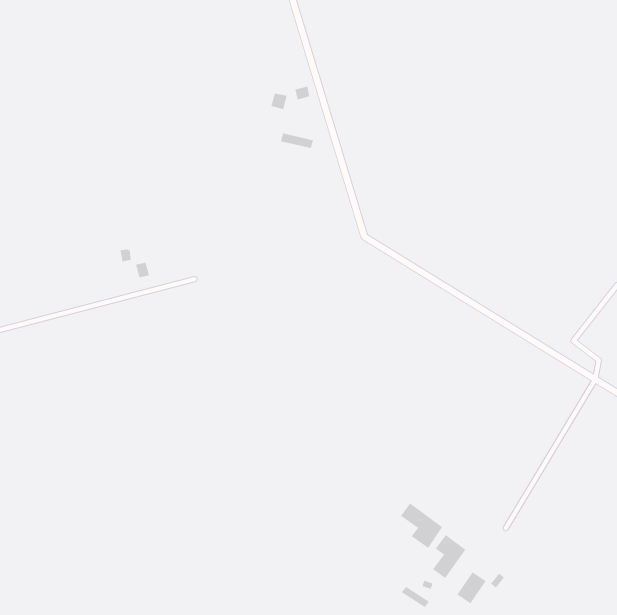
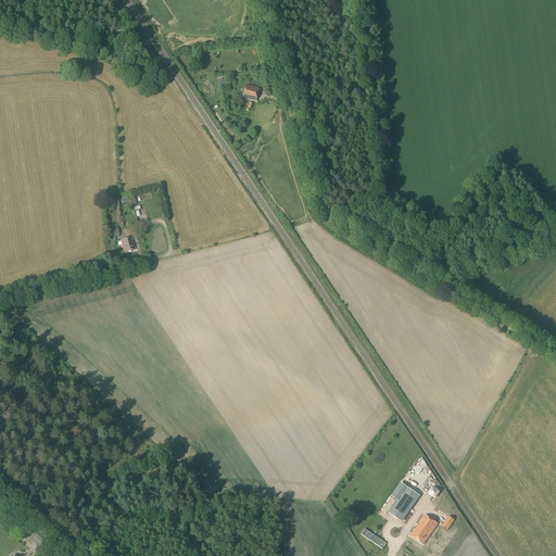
building: [400,502,443,549] -> none

